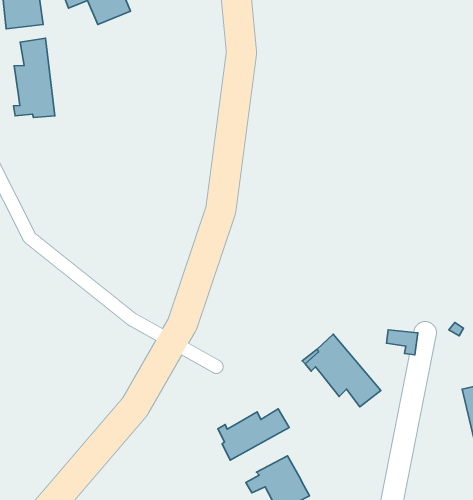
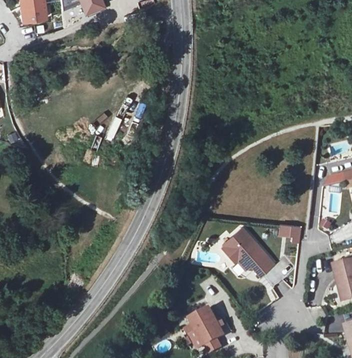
building: [14,38,55,117] -> none
building: [218,409,289,460] -> none

